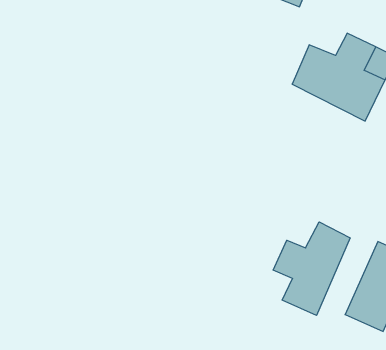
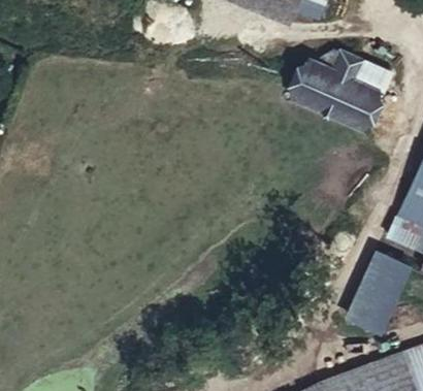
building: [273,222,350,315] -> none

